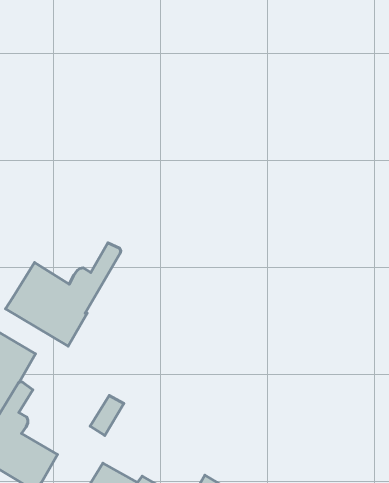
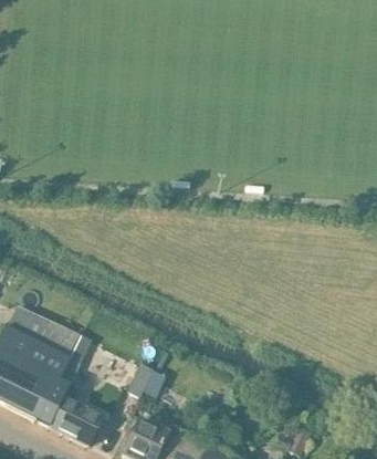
building: [6,243,121,346] -> none

